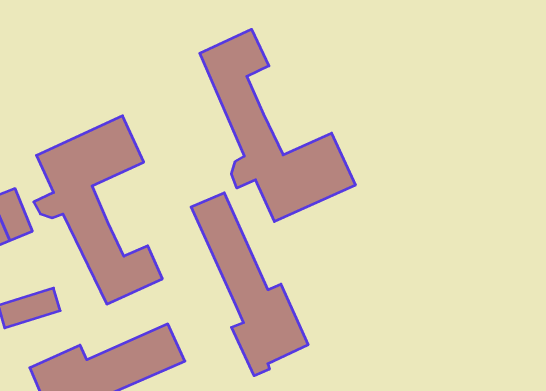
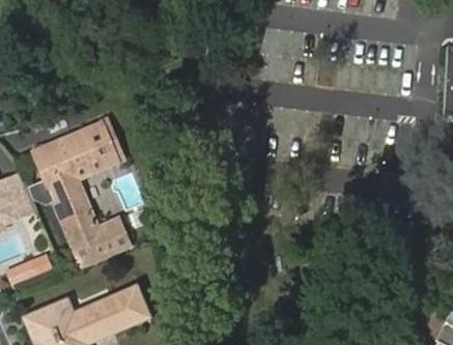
building: [200,29,355,222] -> none
building: [191,193,308,376] -> none

